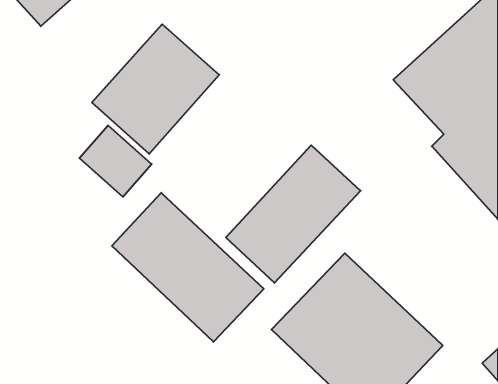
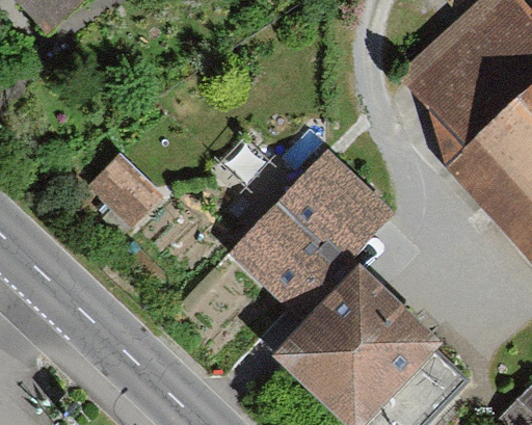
building: [92,24,219,154] -> none
building: [112,193,264,342] -> none

